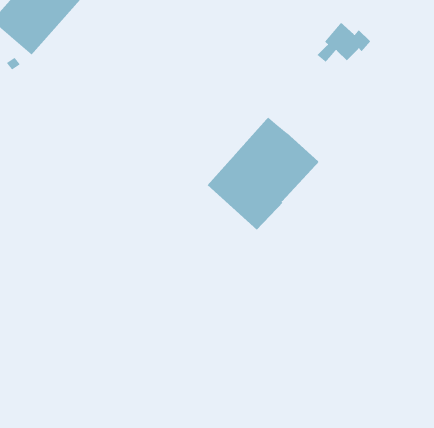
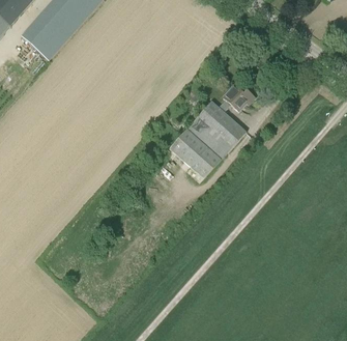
building: [317,22,371,63] -> [218,83,255,111]

